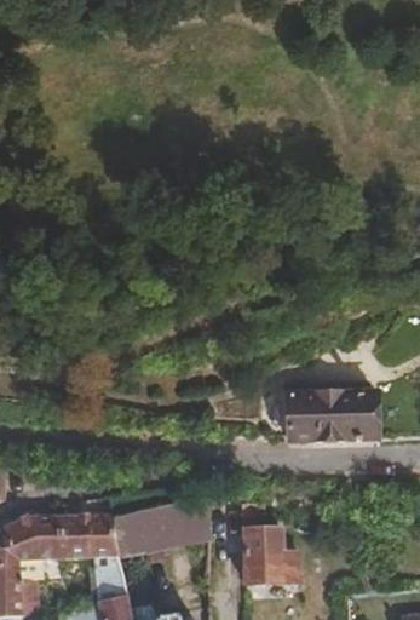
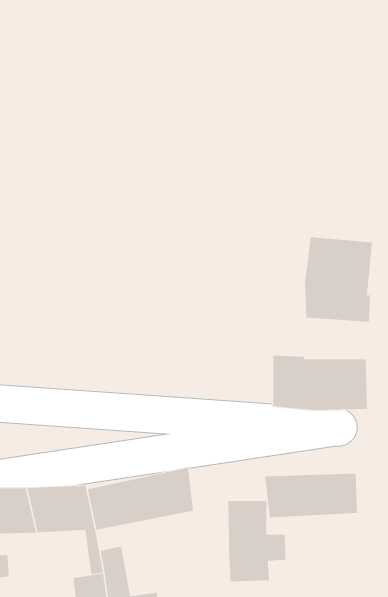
building: none -> [304,236,373,322]
building: none -> [264,473,357,518]

